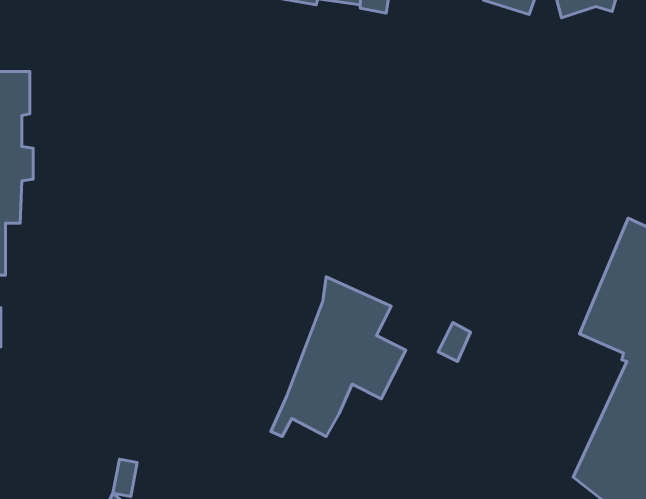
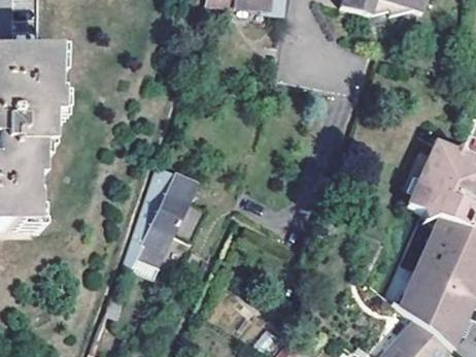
building: [271,277,406,436] -> [124,165,209,266]

